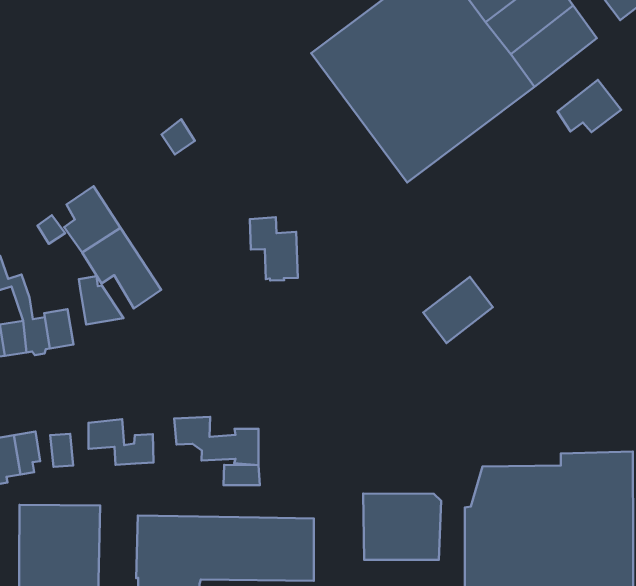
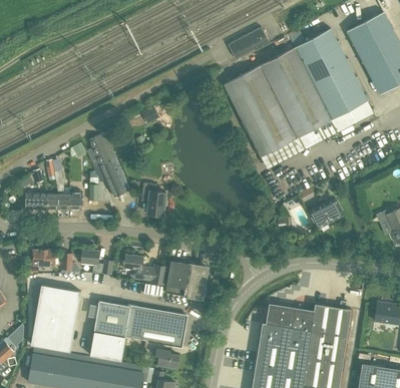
building: [557,80,621,132] -> none
building: [250,217,298,280] -> [141,183,165,217]
building: [423,277,493,343] -> [308,199,343,230]
building: [363,494,441,560] -> [165,261,209,300]

